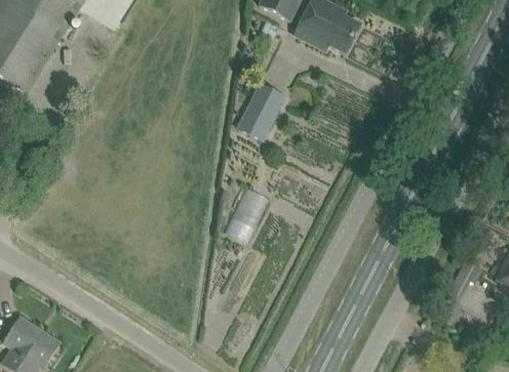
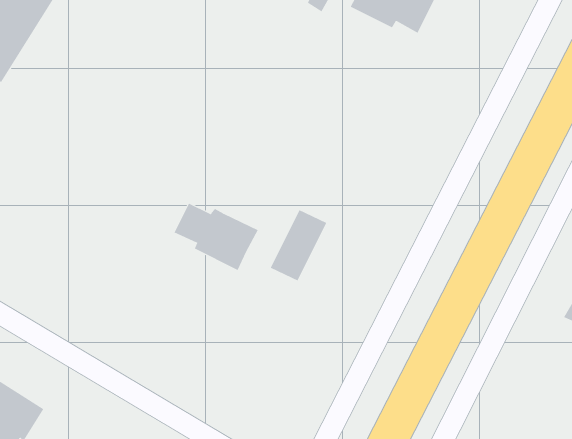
building: [237,83,284,140] -> none
building: none -> [174,203,258,271]

